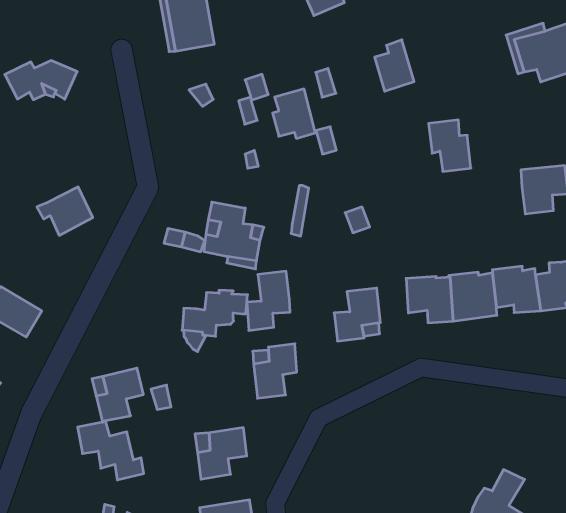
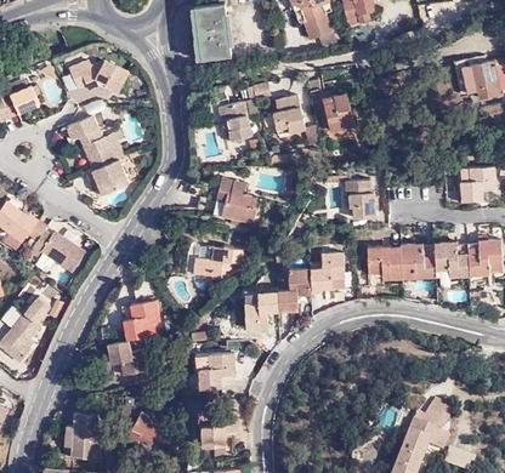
building: [375,40,414,91] -> [324,92,353,131]
building: none -> [217,101,251,141]
building: [429,120,471,171] -> [345,179,375,218]
building: none -> [67,115,124,170]
building: [247,271,290,330] -> [278,268,311,312]

